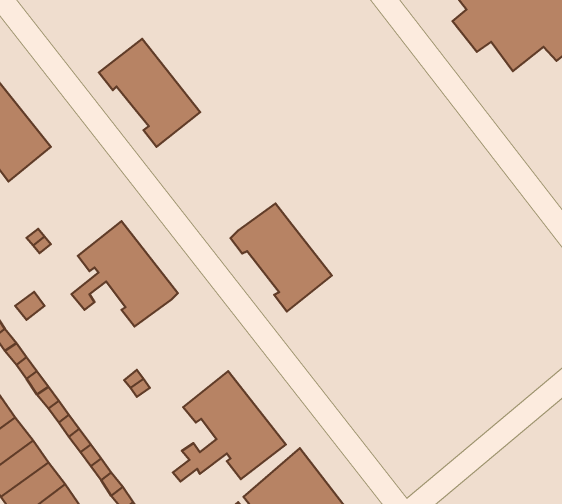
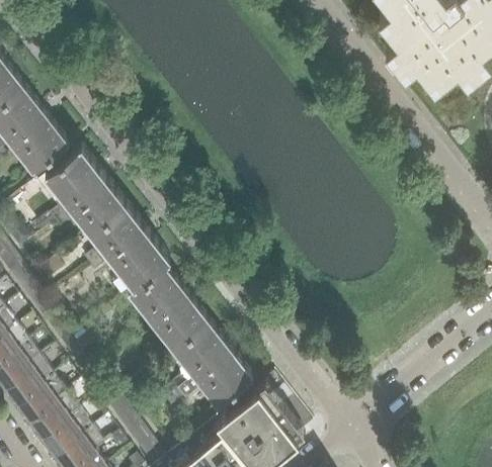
building: [99,39,200,147] -> [45,151,125,236]
building: [230,204,332,311] -> [129,270,209,355]

